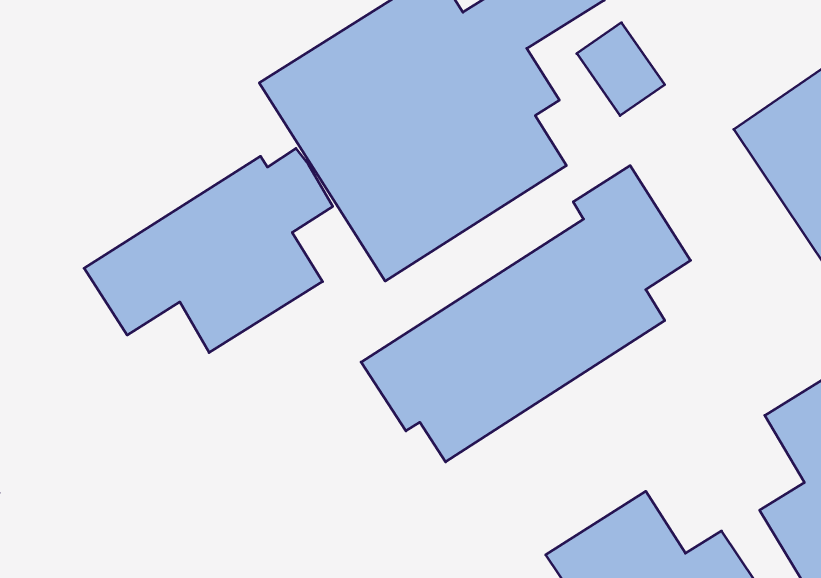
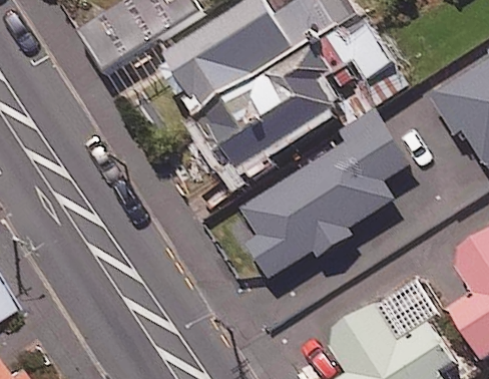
building: [84,148,333,353] -> none

